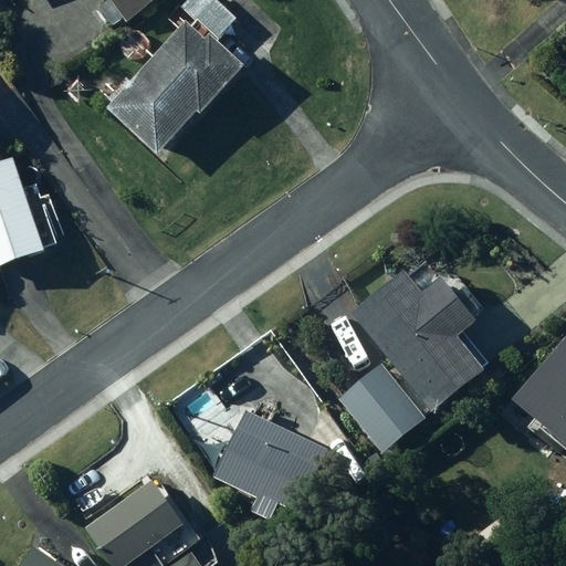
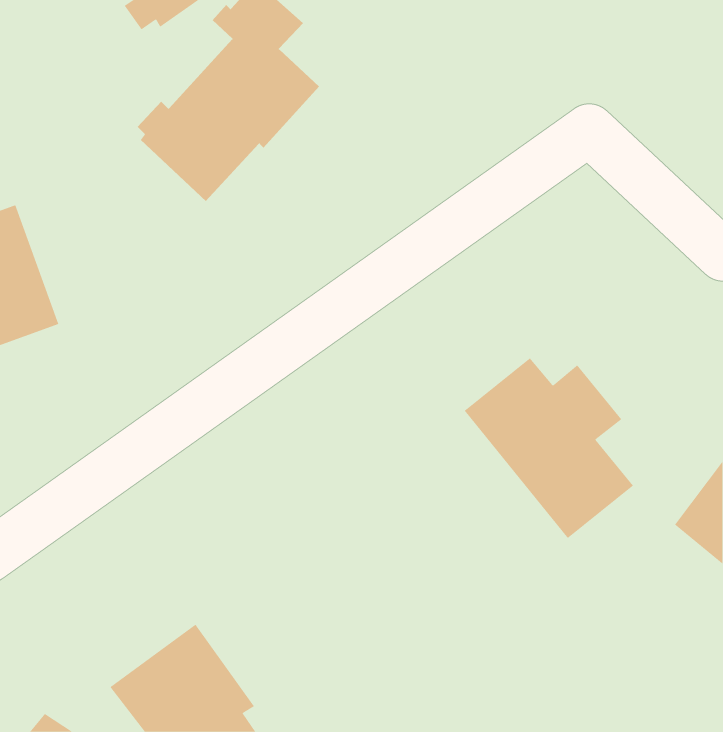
building: [335,364,422,452] -> none
building: [212,405,315,522] -> none

